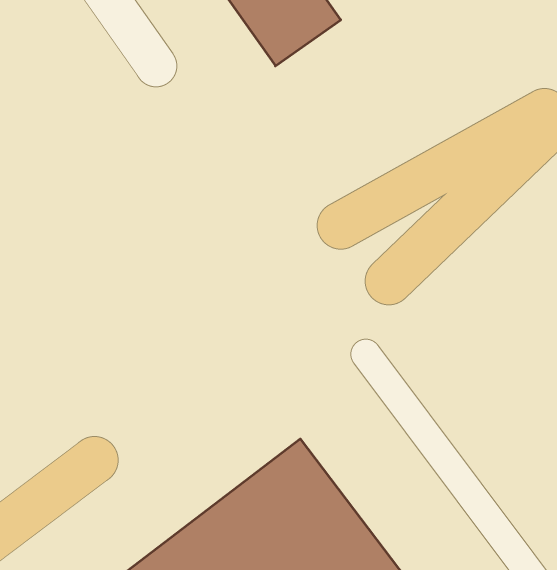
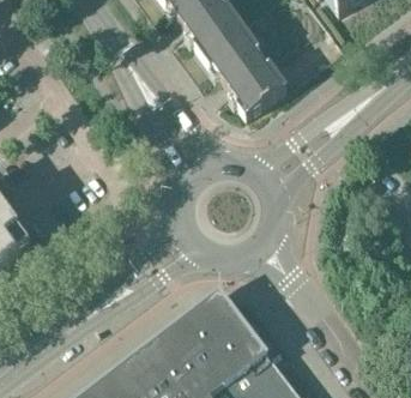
building: none -> [205,26,288,114]

